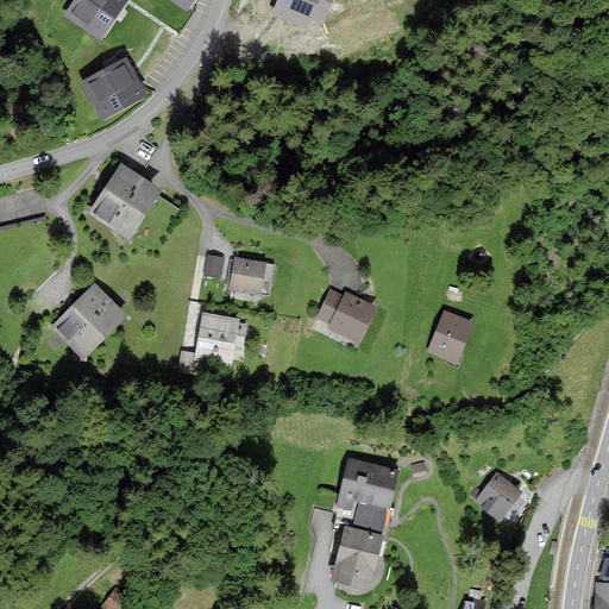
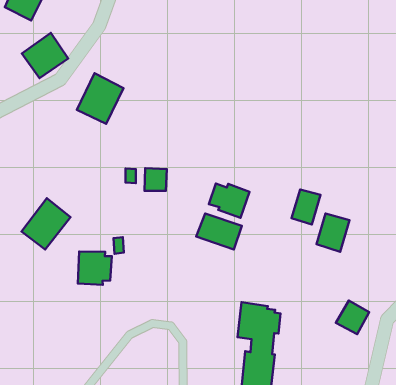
building: [90,164,158,236] -> [77,73,124,124]
building: [196,314,247,364] -> [78,251,112,285]
building: none -> [196,214,242,250]
building: none -> [317,213,350,252]

